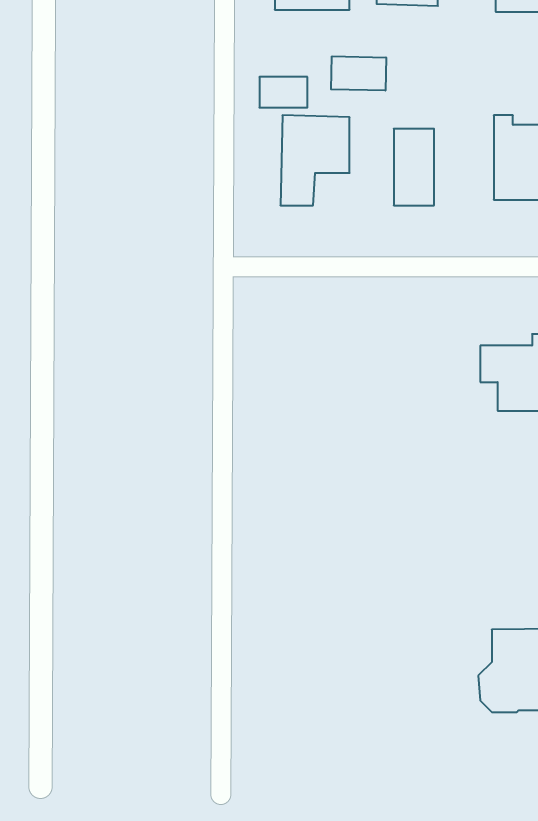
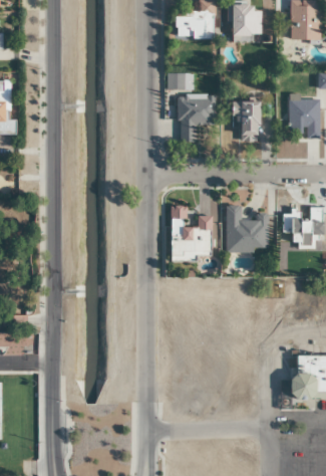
building: [331,56,386,91] -> none
building: none -> [227,205,269,250]
building: none -> [172,206,213,258]

